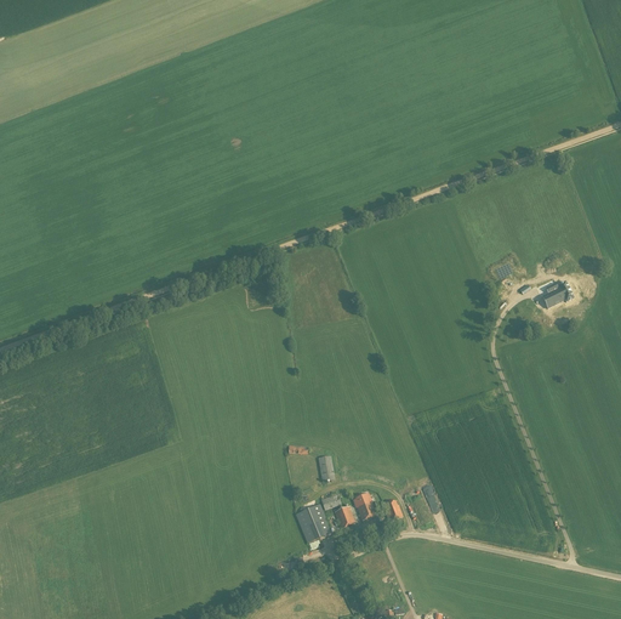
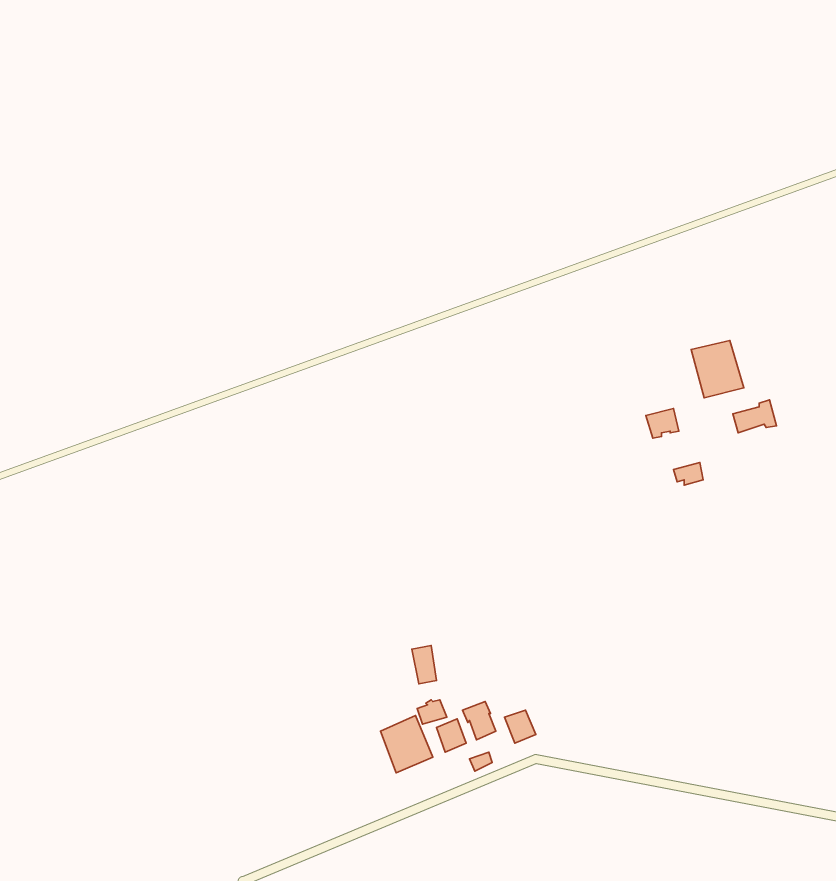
building: none -> [691,340,744,398]

